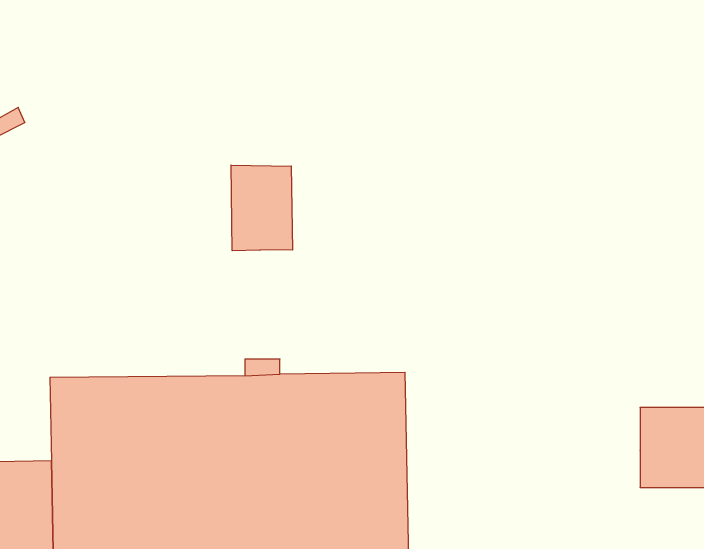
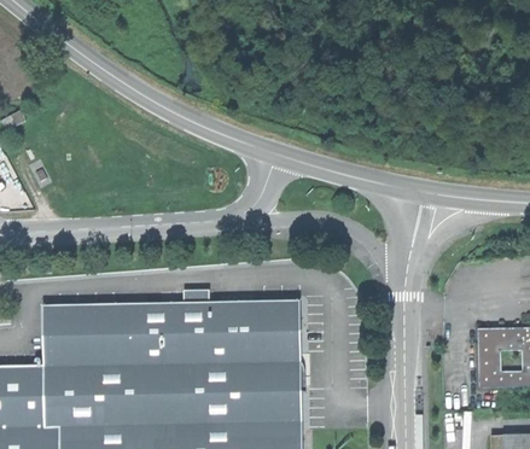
building: [231,165,293,251] -> none

